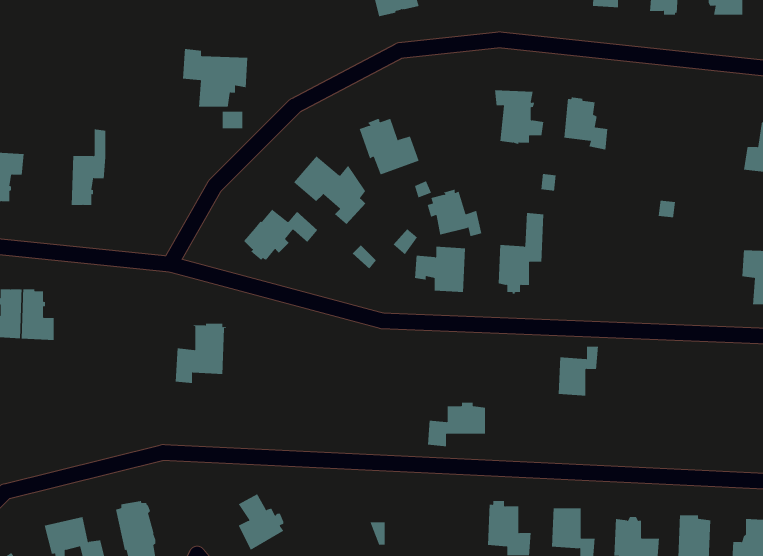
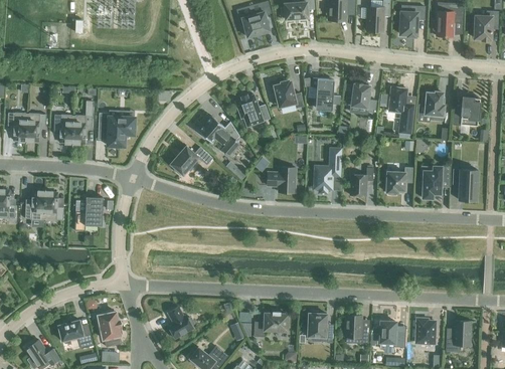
building: [182,49,248,107] -> [98,113,135,146]
building: none -> [388,87,413,134]
building: none -> [422,91,444,116]
building: none -> [53,115,73,144]
building: [427,189,482,237] -> [272,80,303,108]
building: none -> [420,166,449,198]
building: none -> [386,167,412,195]
building: [175,323,227,384] -> [74,197,104,231]
building: [558,346,599,396] -> [350,168,373,196]
building: [427,402,486,447] -> [254,312,287,337]

